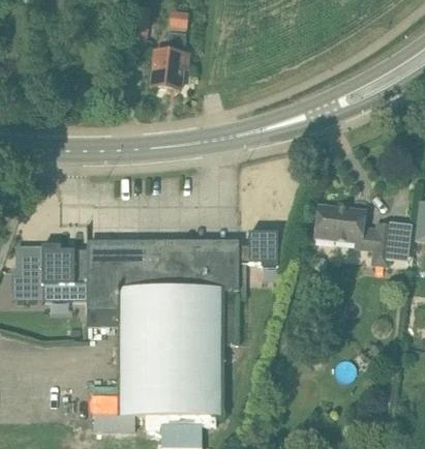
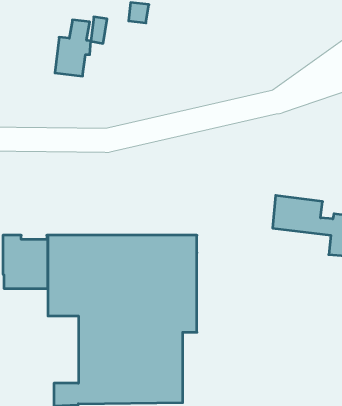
building: [151,32,187,89] -> [55,20,91,76]
building: [238,231,277,266] -> none

